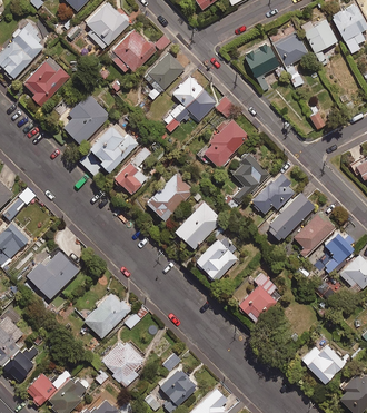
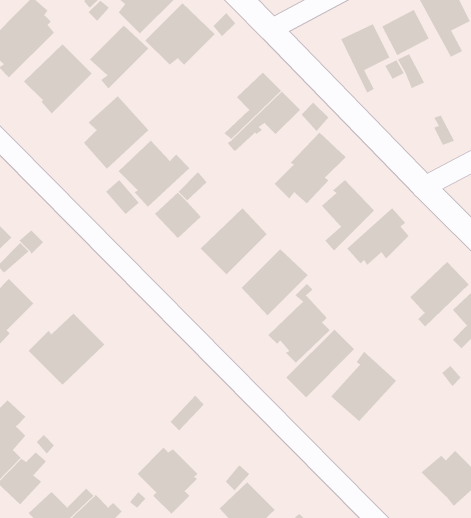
building: [143,52,186,98] -> [89,25,149,89]
building: [266,191,315,240] -> [286,329,355,398]
building: [83,293,131,340] -> none

